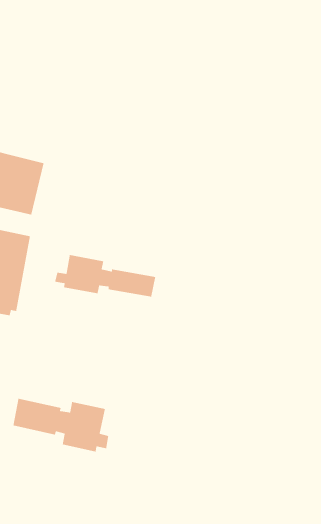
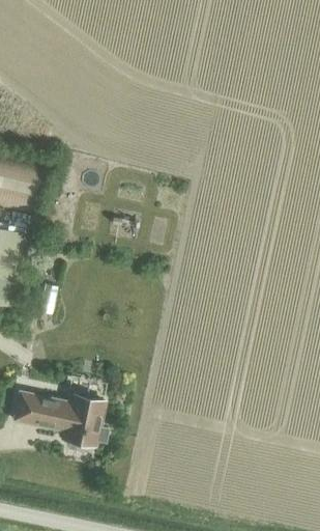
building: [54,254,156,298] -> none

